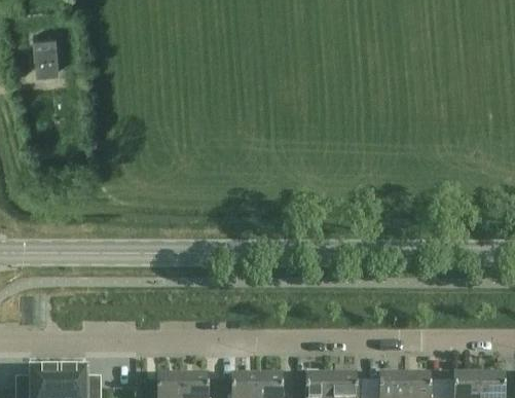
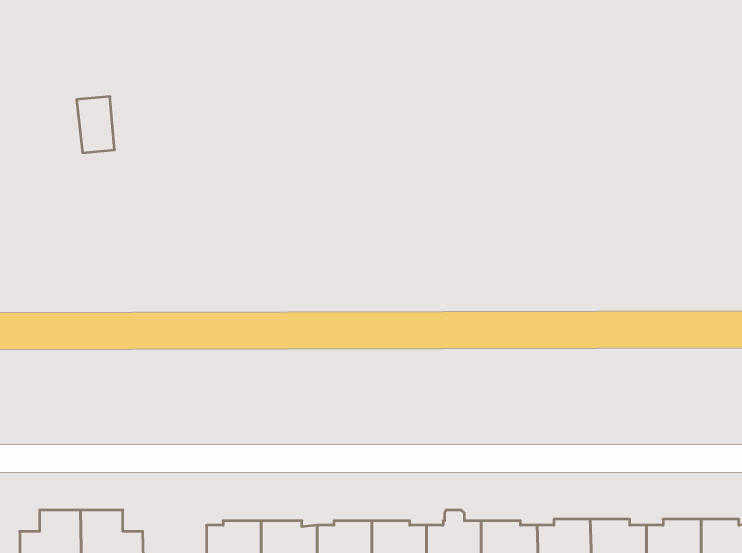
building: [33,28,59,66] -> [77,97,115,153]

